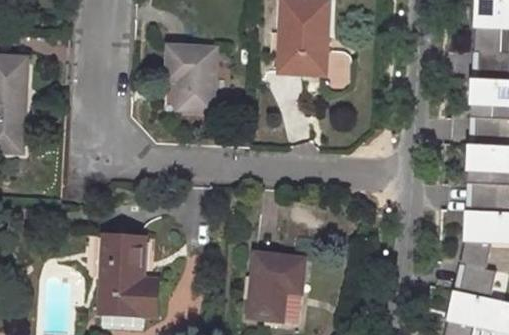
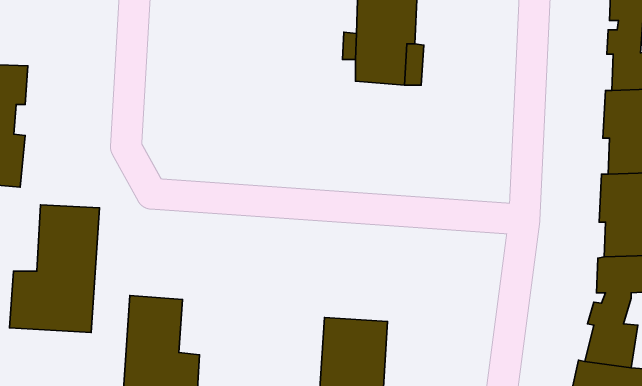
building: [157,46,216,110] -> none
building: none -> [9,205,99,333]

